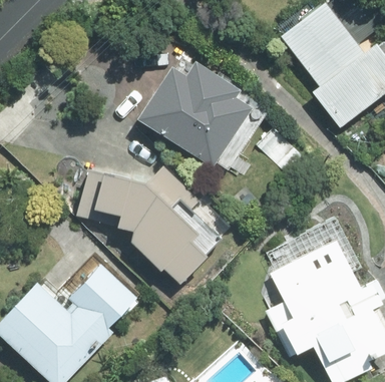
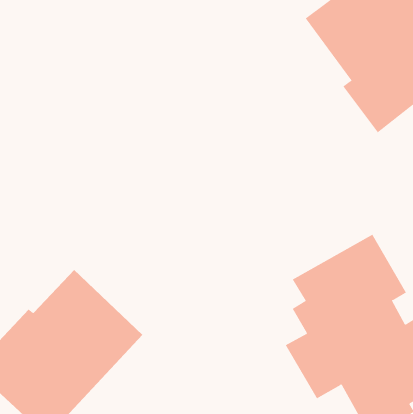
building: [133,55,268,179] -> none
building: [73,165,234,285] -> none

